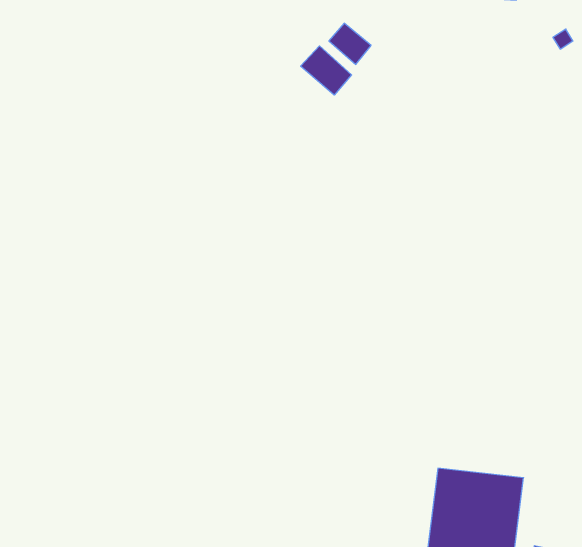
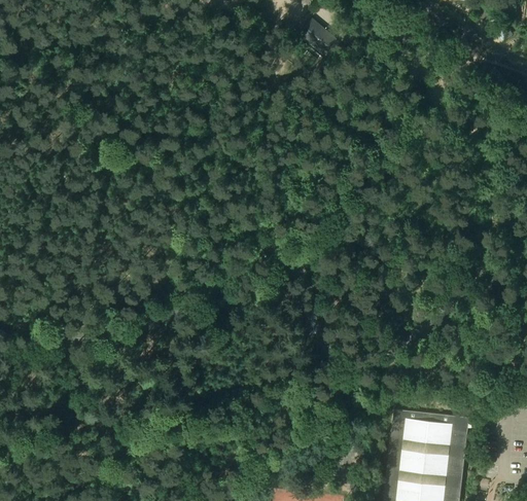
building: [301,46,352,95] -> none

